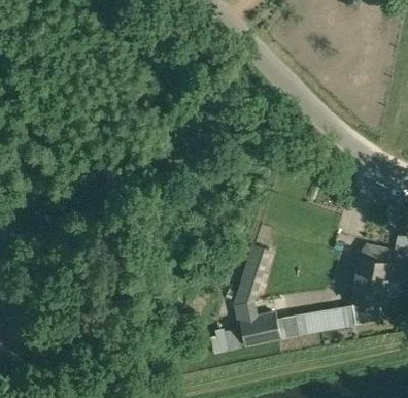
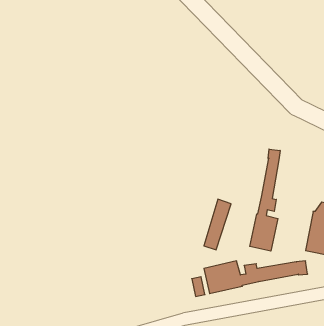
building: none -> [250,149,280,251]

